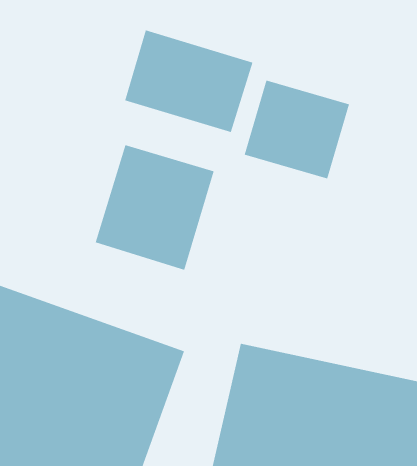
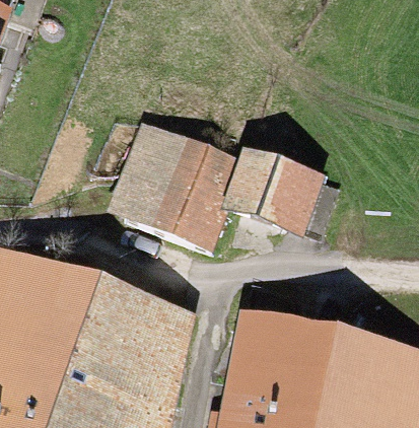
building: [124,30,253,133] -> none
building: [244,80,350,179] -> [228,159,322,246]

